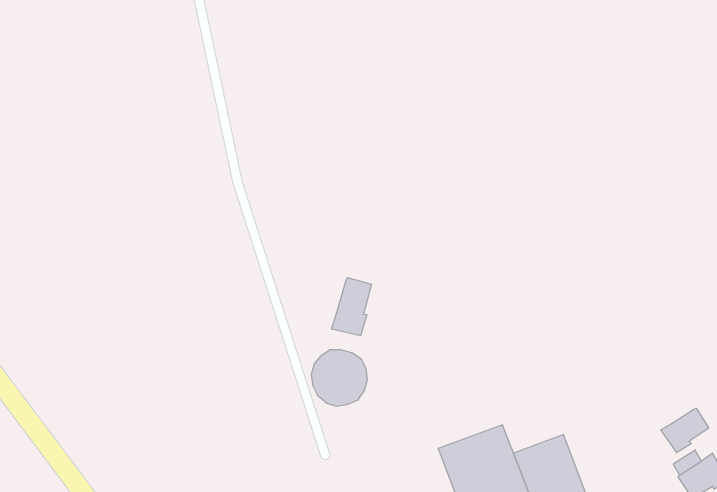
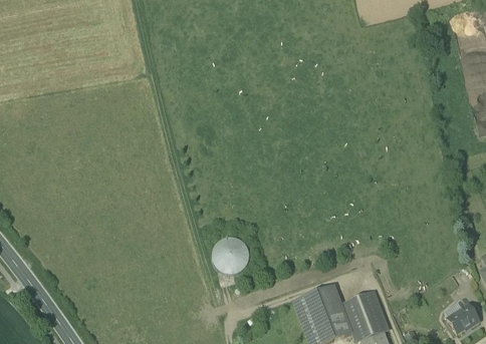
building: [332,277,372,336] -> none
building: [661,408,709,453] -> none

